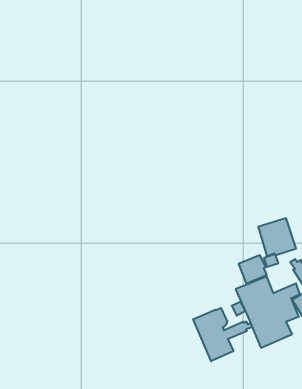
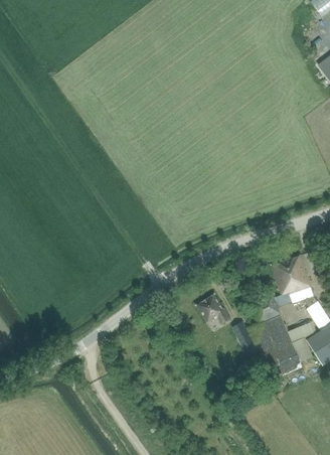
building: none -> [197,294,230,323]
building: [193,308,252,361] -> none

